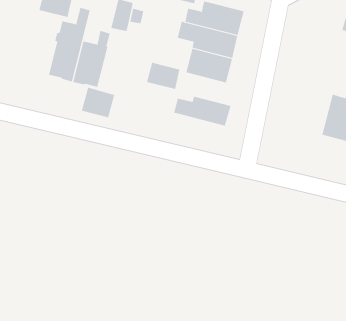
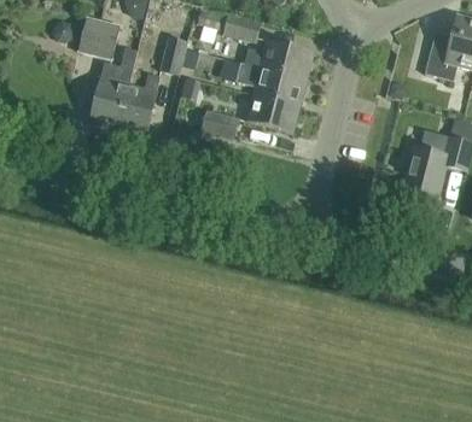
building: [81,87,115,118] -> none
building: [174,96,231,126] -> none

